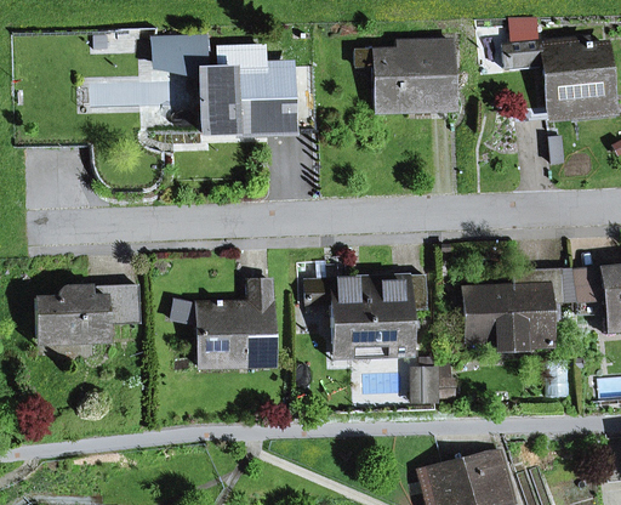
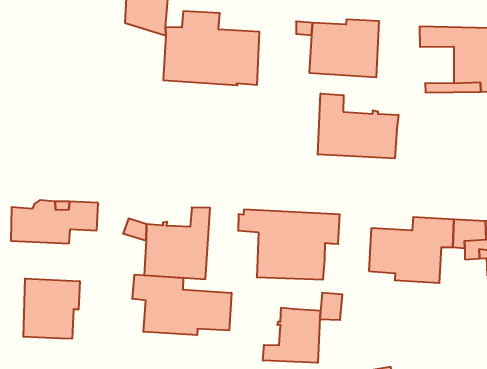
building: none -> [318,93,398,158]
building: none -> [132,275,231,335]
building: none -> [24,278,80,339]
building: none -> [263,308,320,363]

